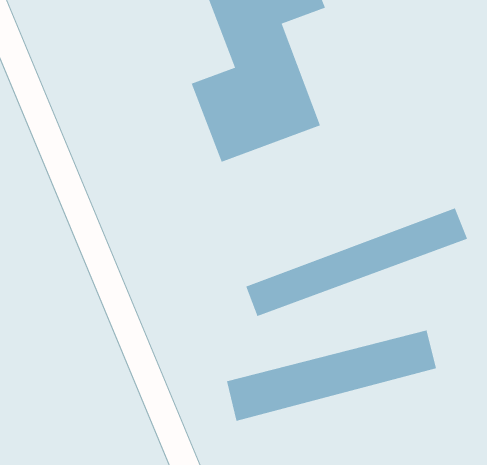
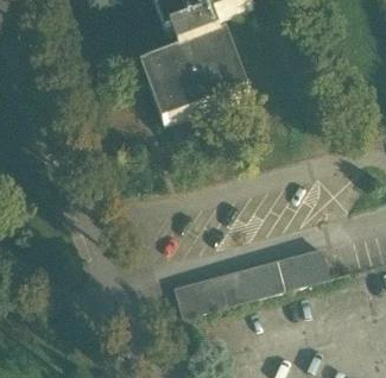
building: [246,207,468,317] -> none

